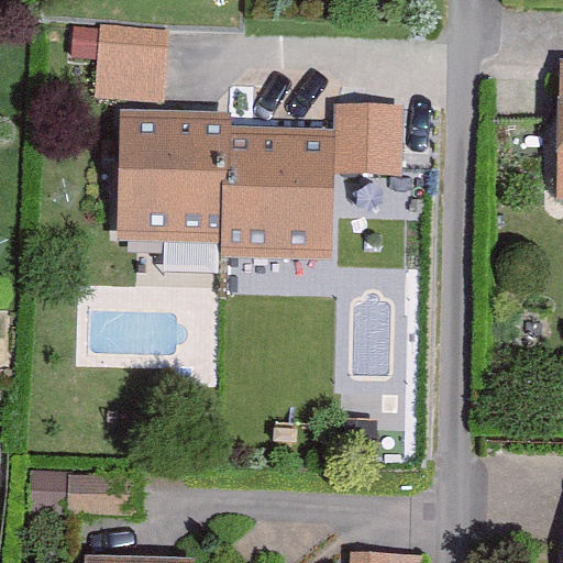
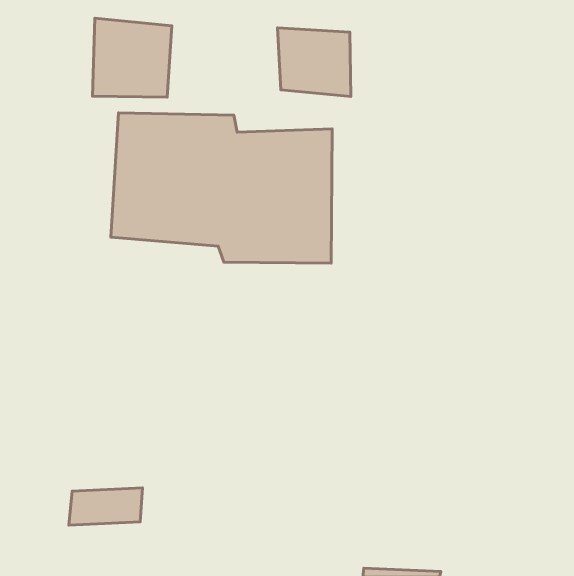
building: [336,106,408,173] -> [277,28,351,97]

